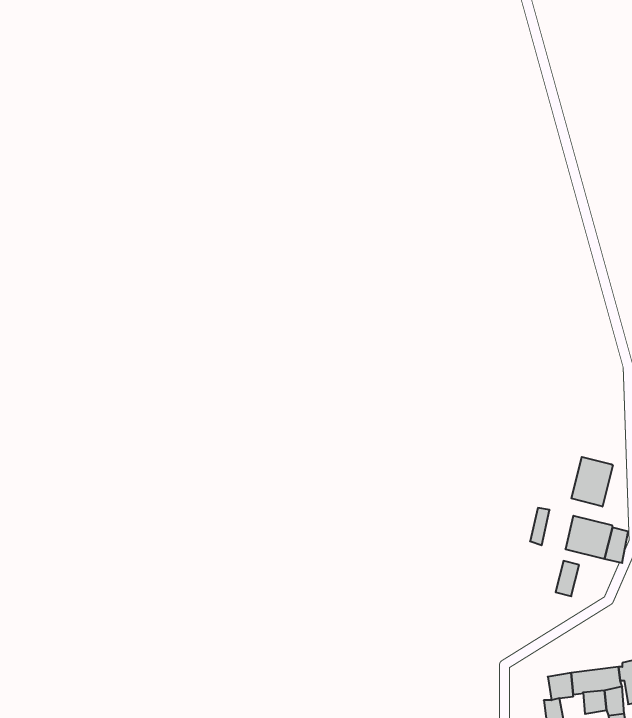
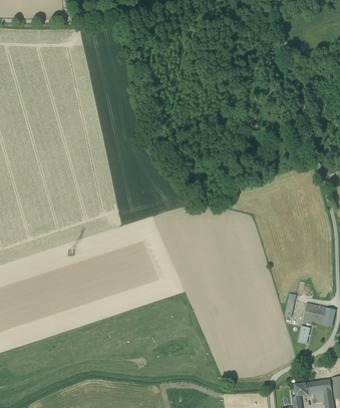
building: [571,457,613,507] -> none

